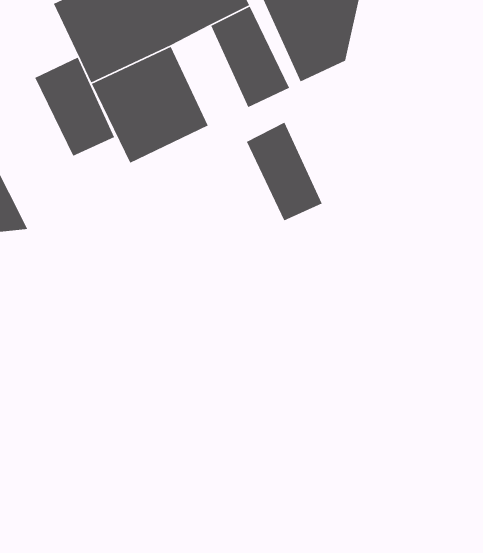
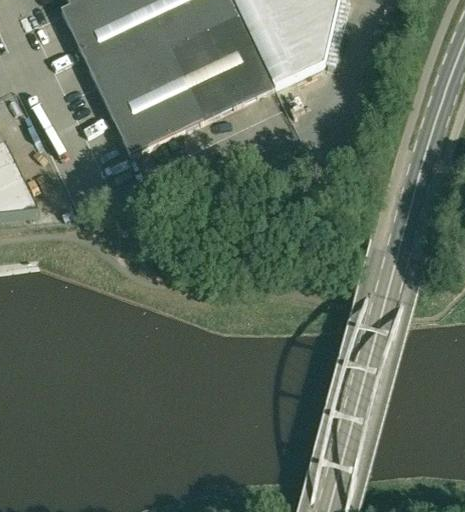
building: [34,57,115,157] -> none
building: [246,121,323,222] -> [167,30,236,120]

